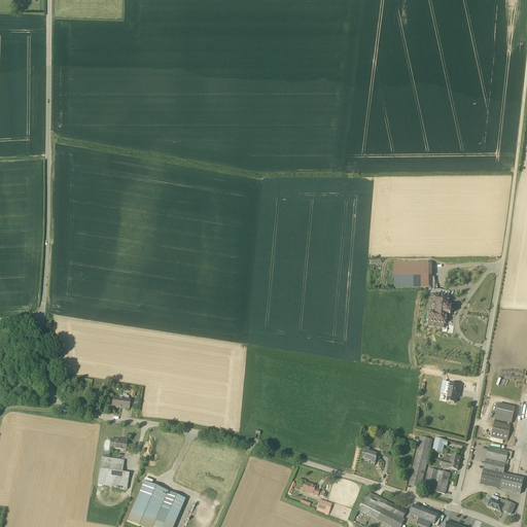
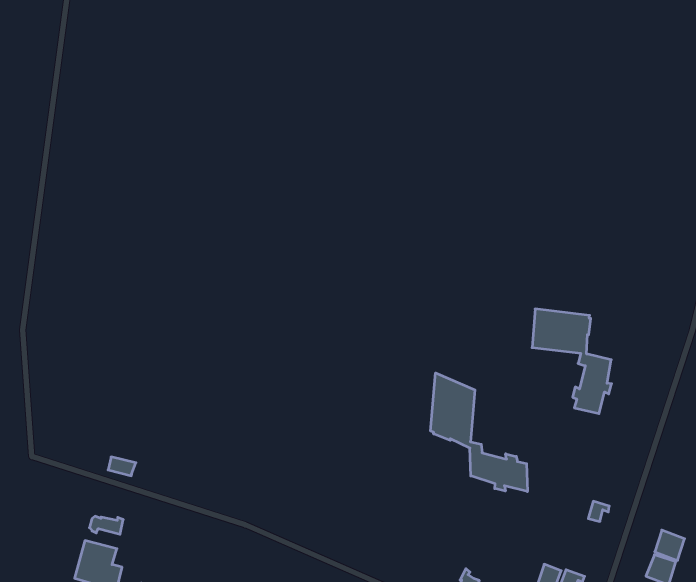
building: none -> [431,373,527,492]

